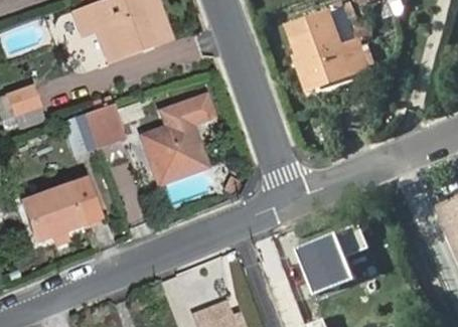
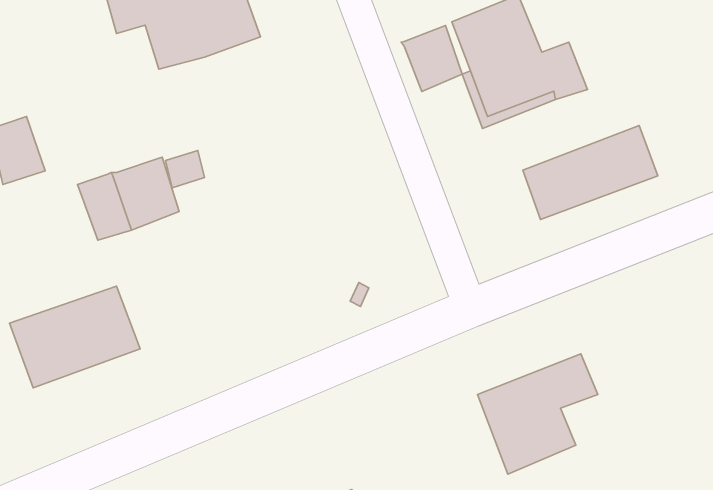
building: none -> [401,26,462,92]
building: none -> [523,125,658,220]
building: [142,98,211,186] -> none

